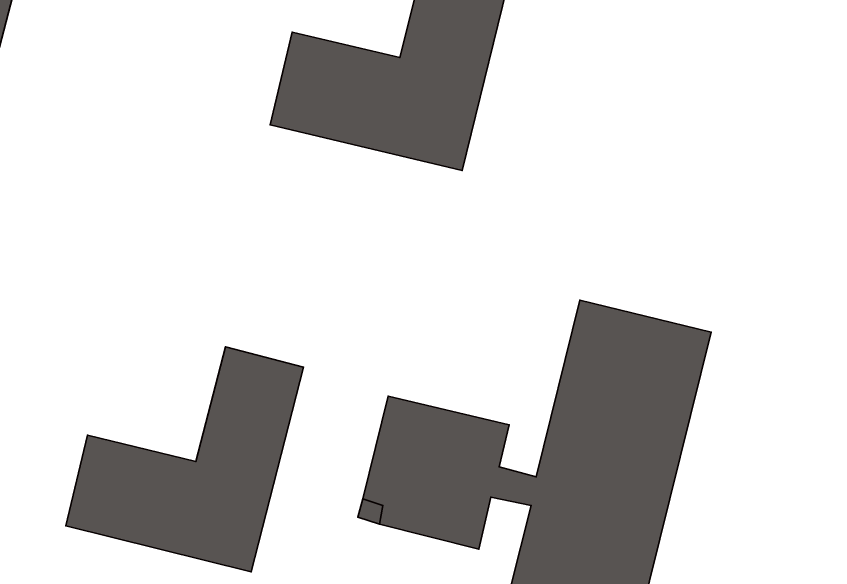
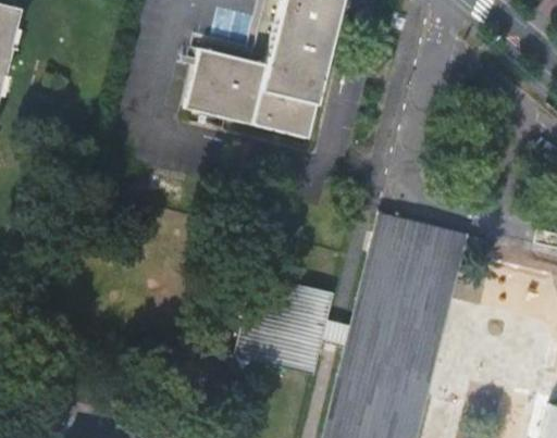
building: [66,347,303,572] -> none

